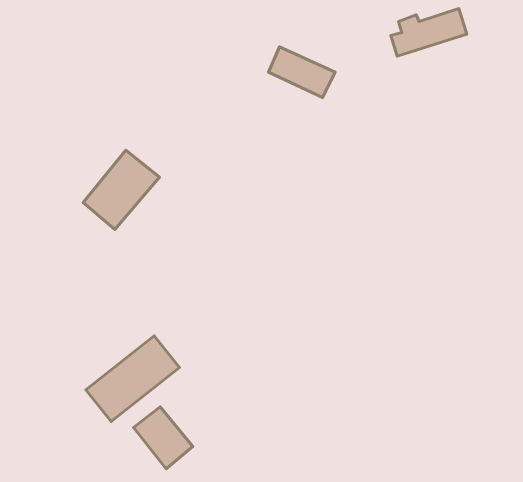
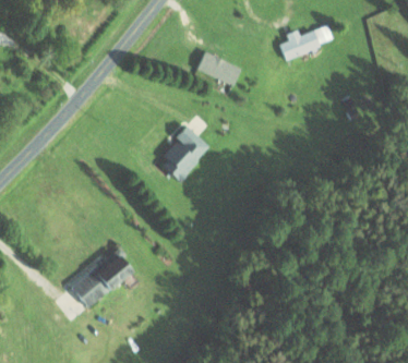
building: [83,150,159,229] -> [158,126,211,181]
building: [133,407,193,469] -> none

